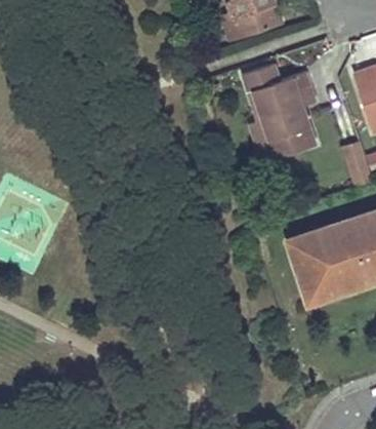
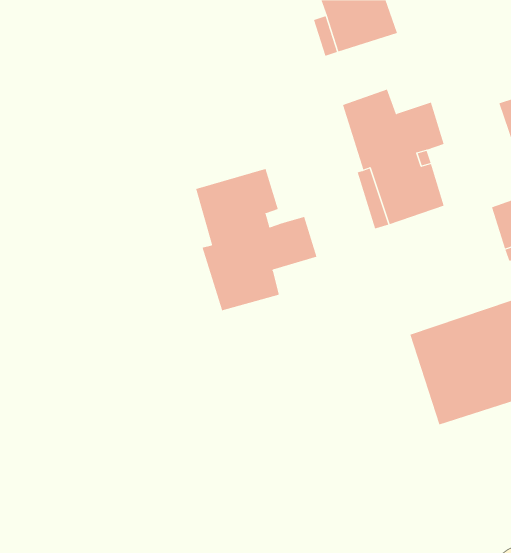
building: none -> [195,168,317,311]

